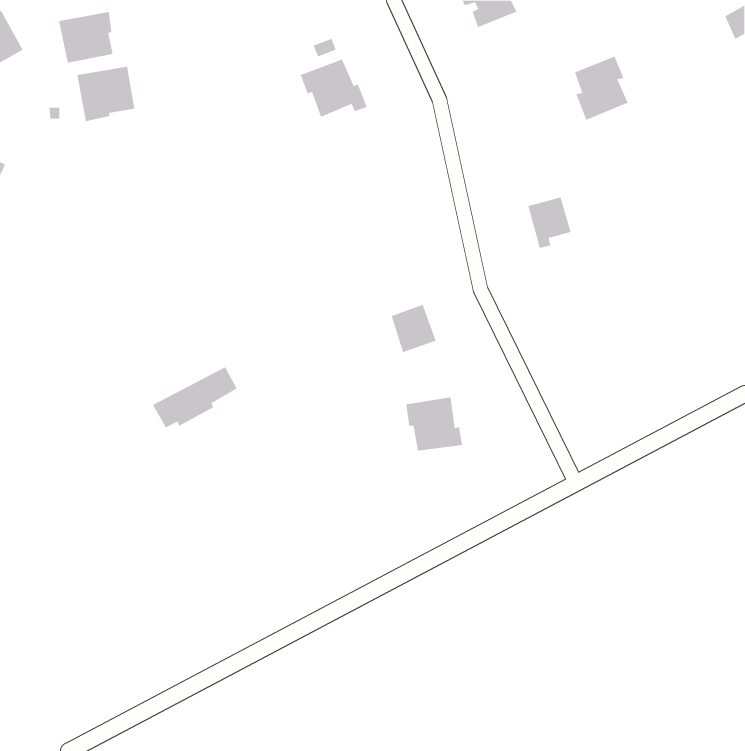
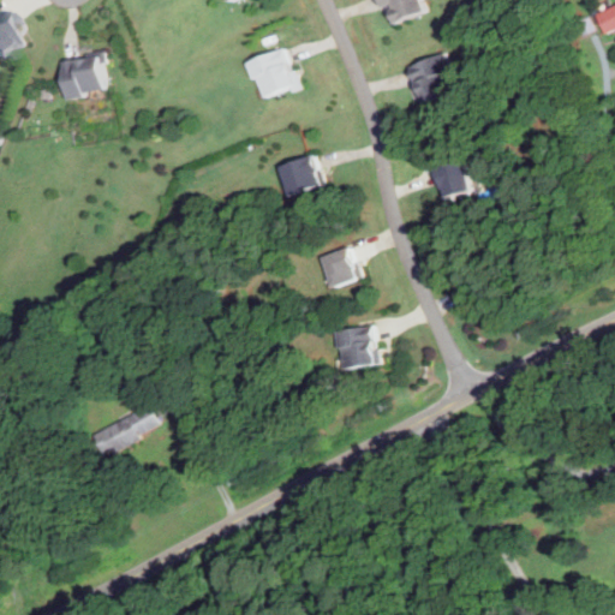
building: [59,11,113,64] -> none
building: [574,56,629,121] -> [408,50,453,103]
building: none -> [275,154,321,195]
building: [152,366,237,428] -> [89,404,159,454]

